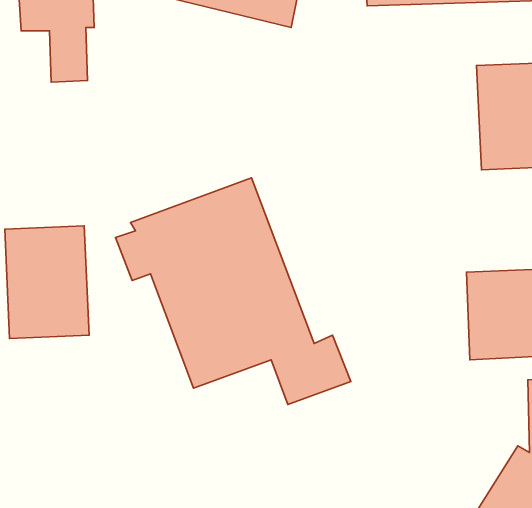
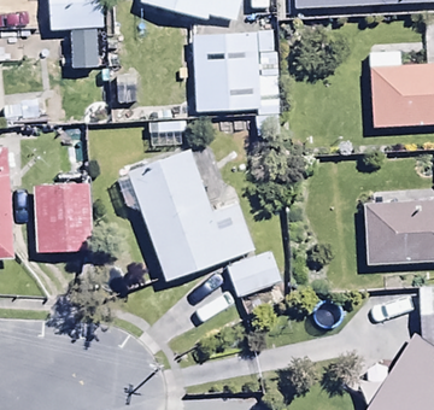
building: none -> [195,31,282,113]

